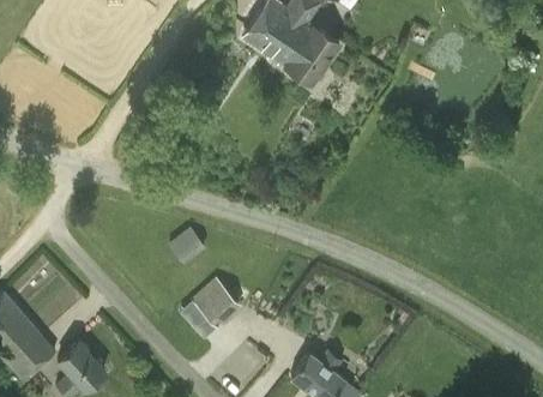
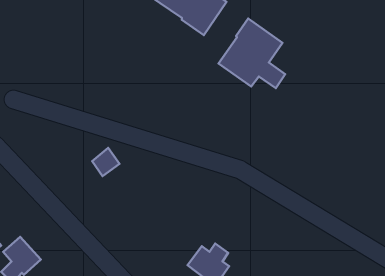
building: none -> [218,19,285,88]
building: [191,272,239,325] -> none

